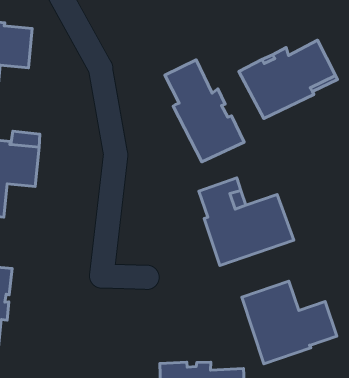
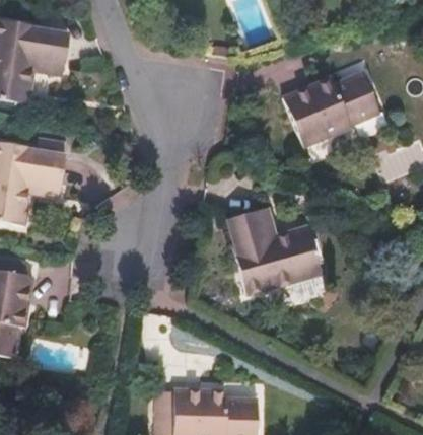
building: [165,60,244,162] -> none
building: [242,281,337,364] -> none

